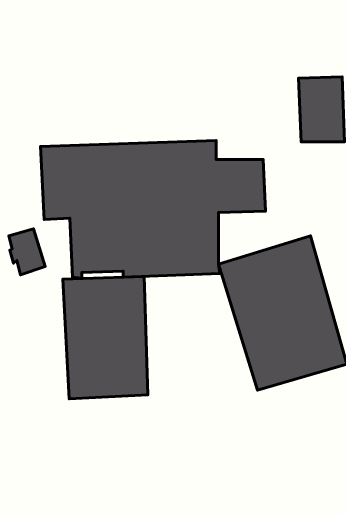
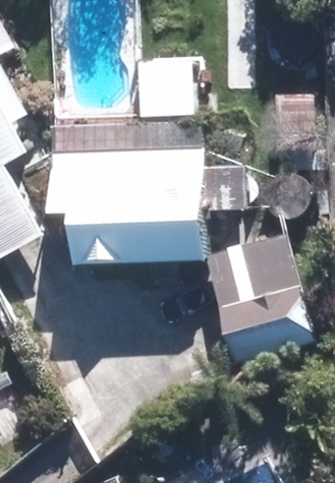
building: [63,276,148,399] -> none

